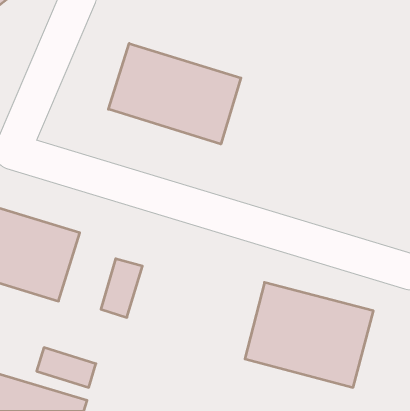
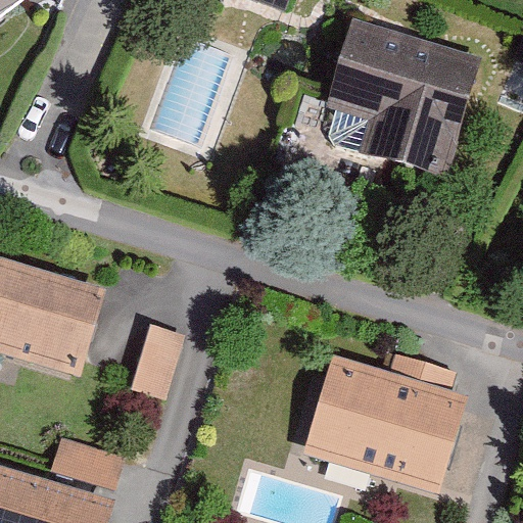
building: none -> [327,23,478,169]
building: [108,43,241,144] -> none

